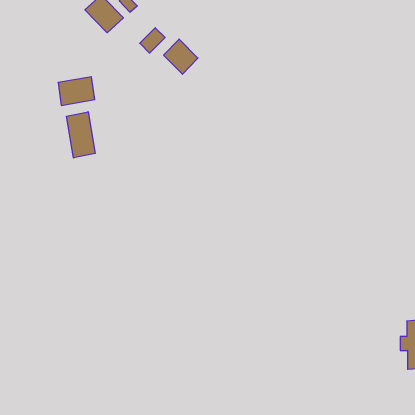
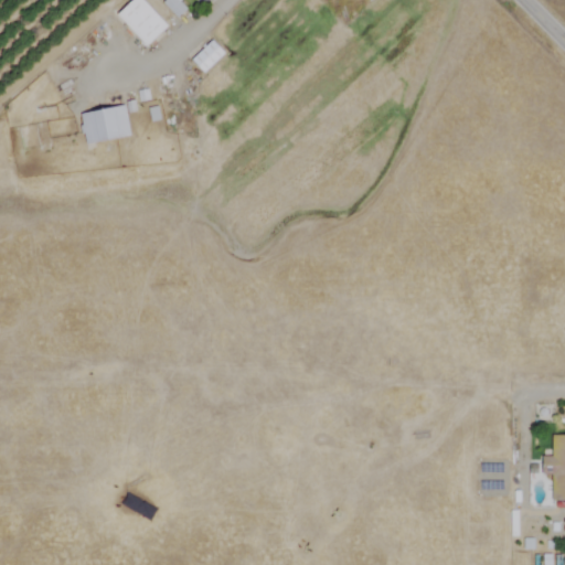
building: [164,39,198,74] -> none
building: [67,112,95,158] -> none

